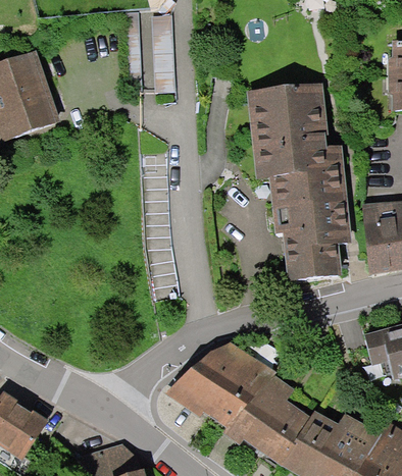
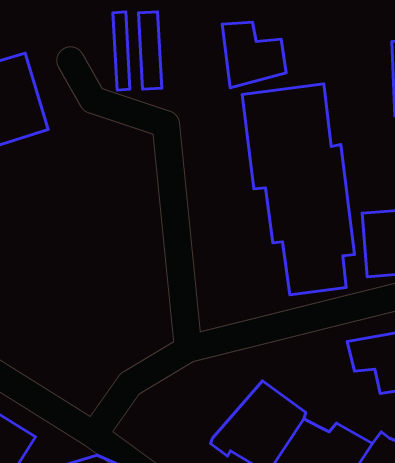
building: none -> [222,22,286,88]
building: [159,341,268,425] -> none

